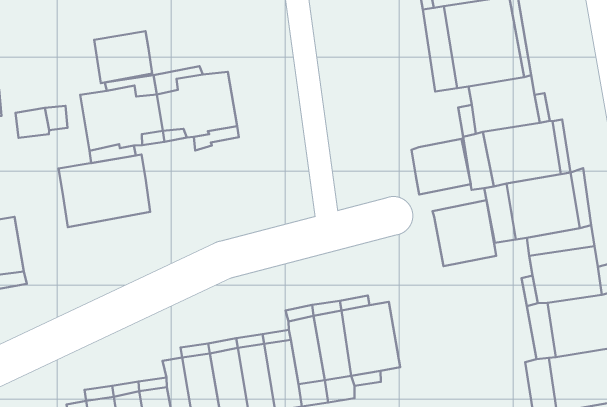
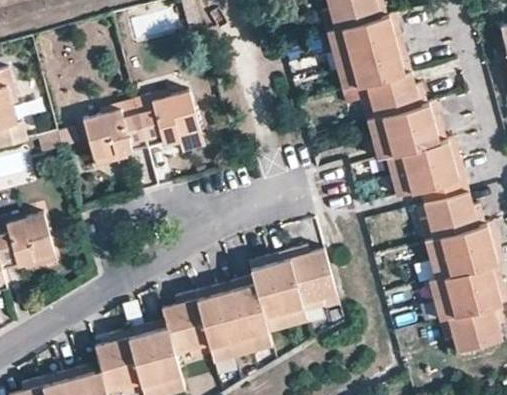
building: [94,31,152,83] -> none
building: [411,139,471,195] -> none
building: [59,155,150,227] -> none
building: [433,200,496,266] -> none

